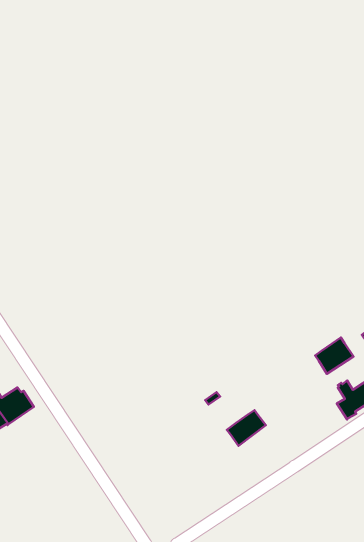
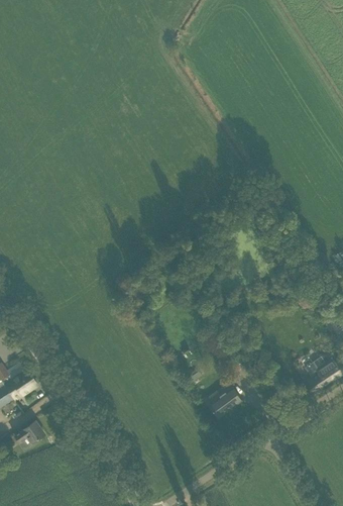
building: [315,338,354,374] -> none
building: none -> [15,418,43,446]

